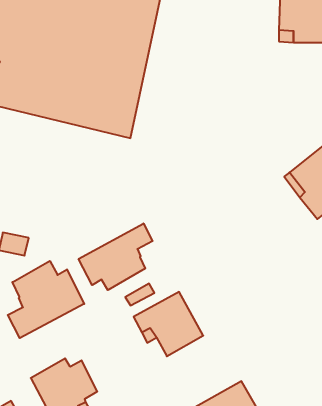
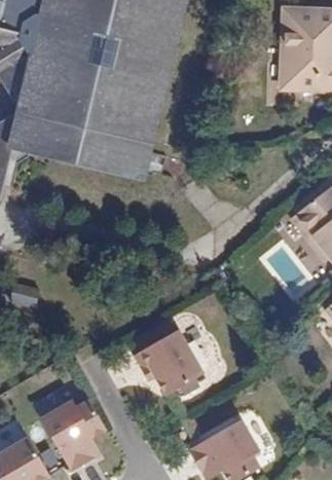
building: [79,223,153,290] -> none
building: [8,261,84,338] -> none

